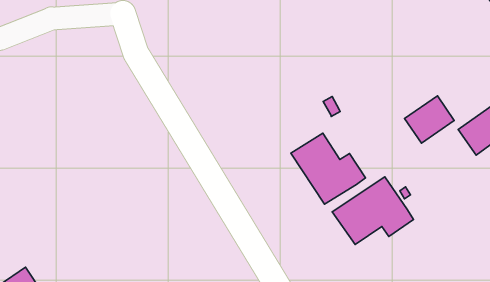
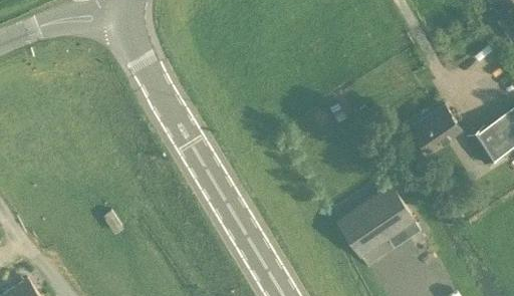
building: [291,133,365,204] -> none

